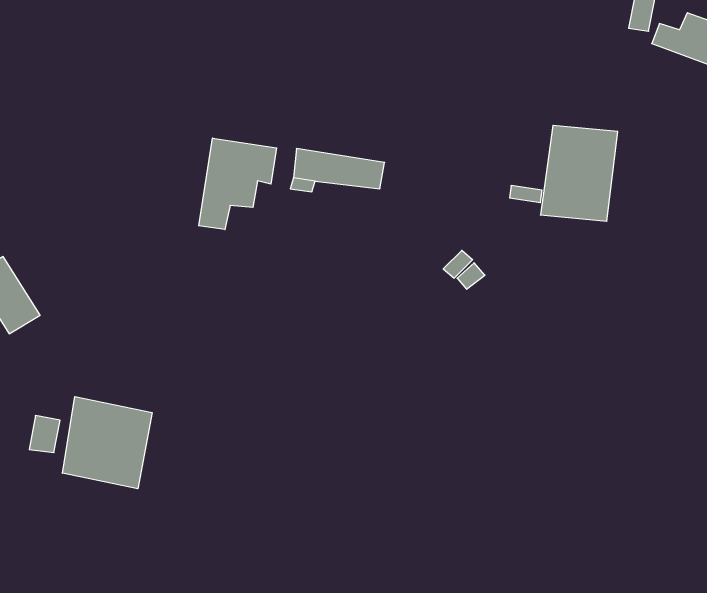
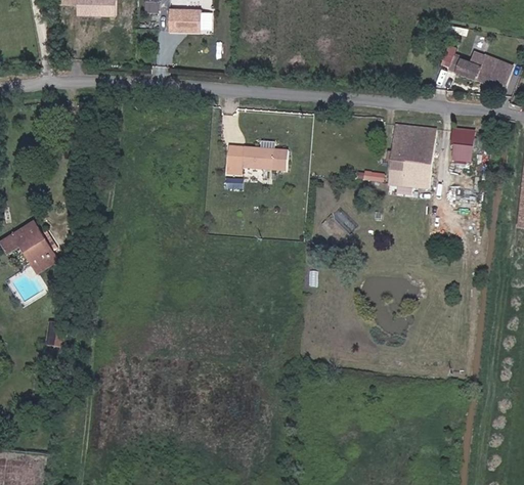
building: none -> [448,131,475,167]
building: [199,138,277,230] -> none
building: [62,397,152,489] -> none

